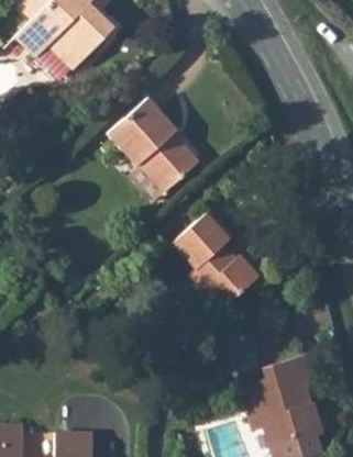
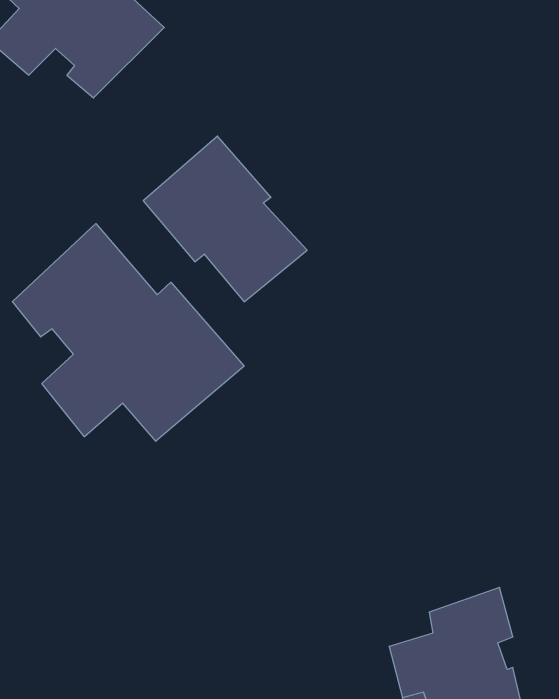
building: none -> [12,224,244,441]
building: [172,208,257,311] -> none

